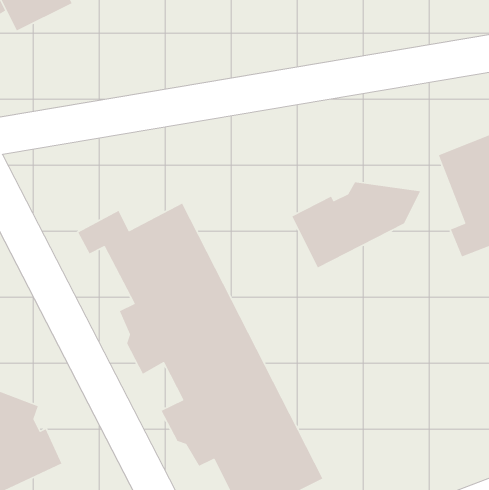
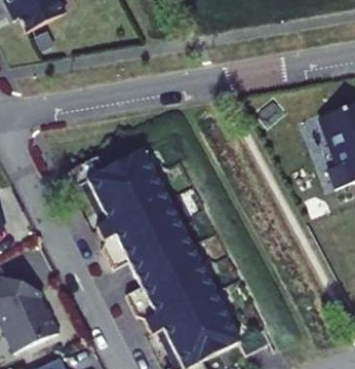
building: [291,181,421,268] -> none

